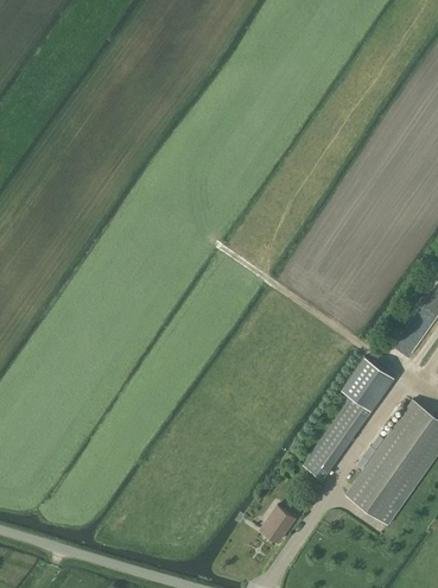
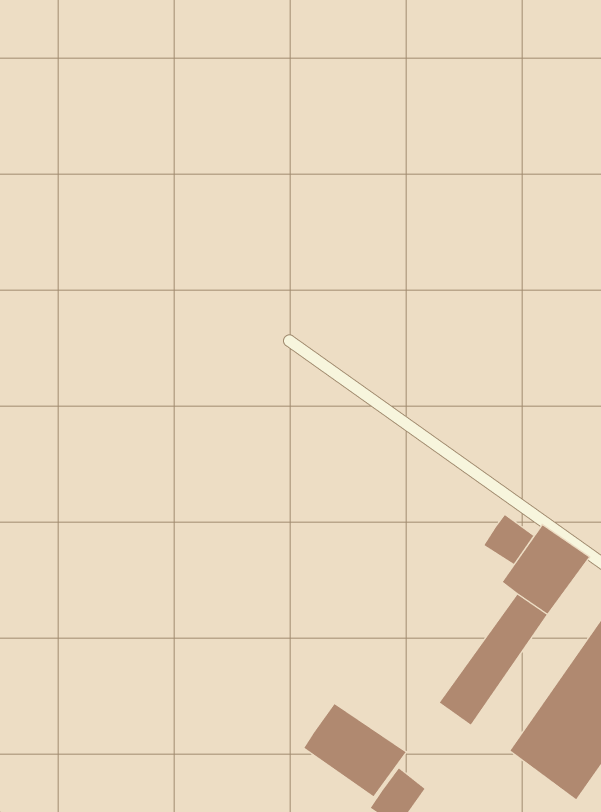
building: none -> [484,514,534,565]
building: none -> [303,703,406,797]

